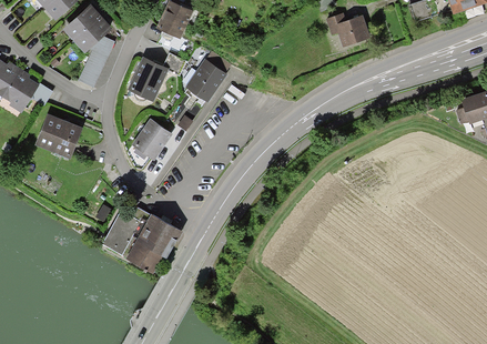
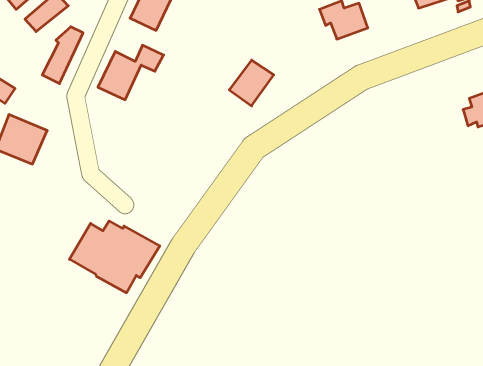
building: [72,17,111,53] -> none
building: [185,60,225,101] -> [229,60,274,106]
building: [132,120,171,160] -> none

